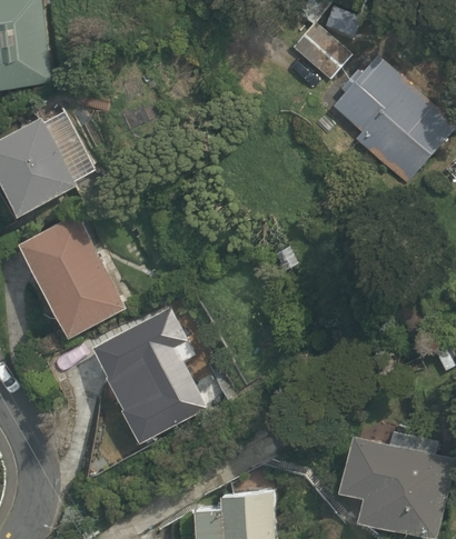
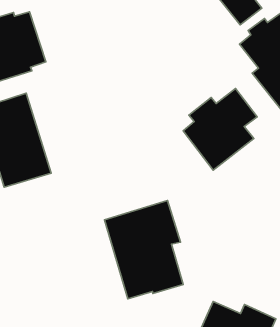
building: none -> [183,89,257,170]
building: [93,308,206,439] -> [104,201,183,299]

